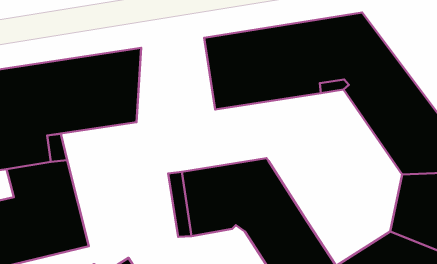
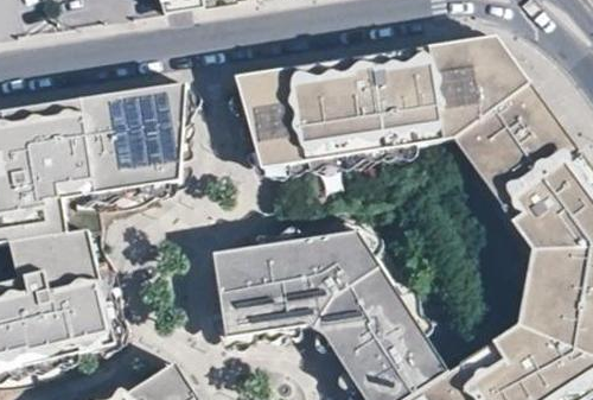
building: none -> [236,72,285,170]

